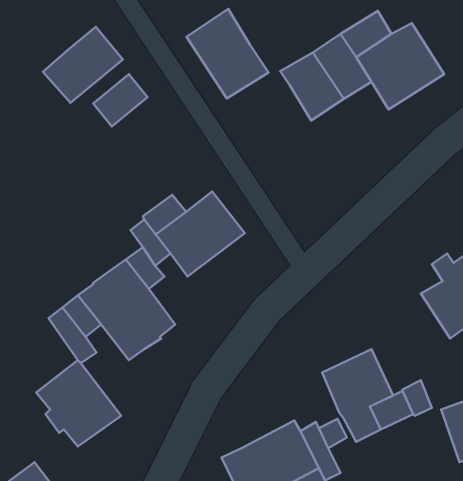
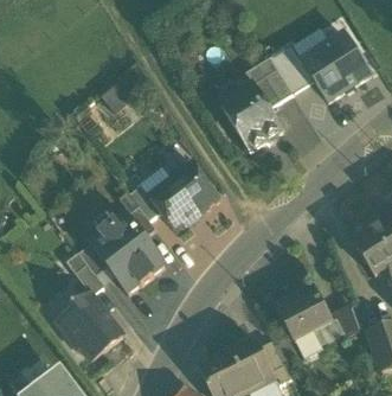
building: [187,9,268,99] -> [219,81,282,149]
building: [43,27,123,103] -> none

